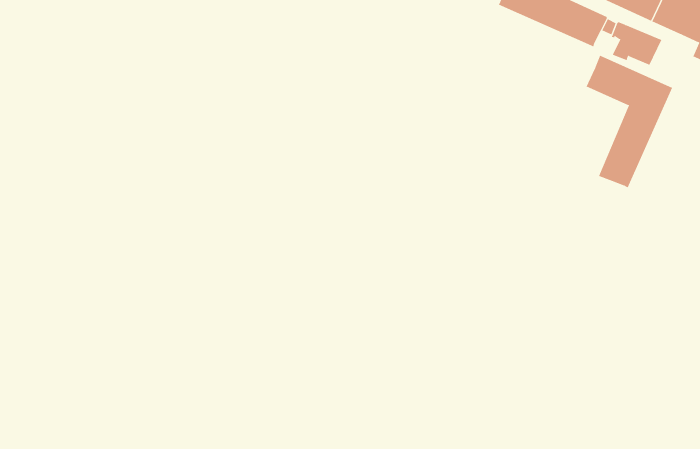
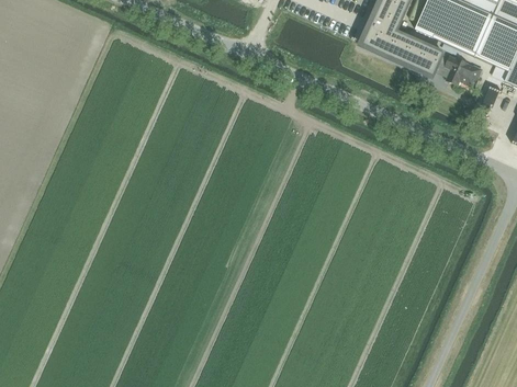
building: [586,55,673,189] -> none

